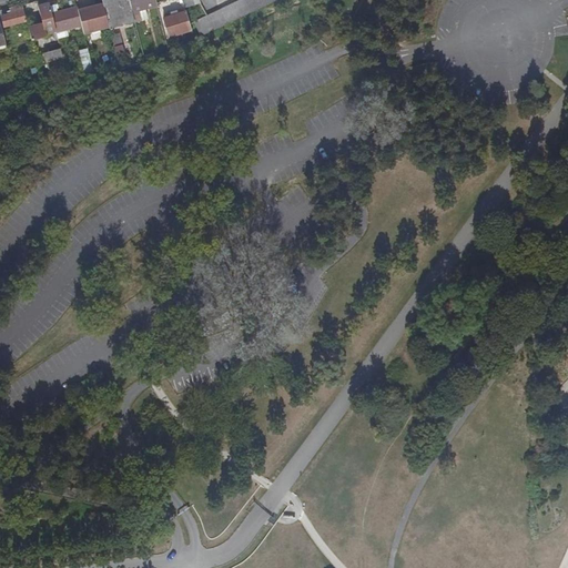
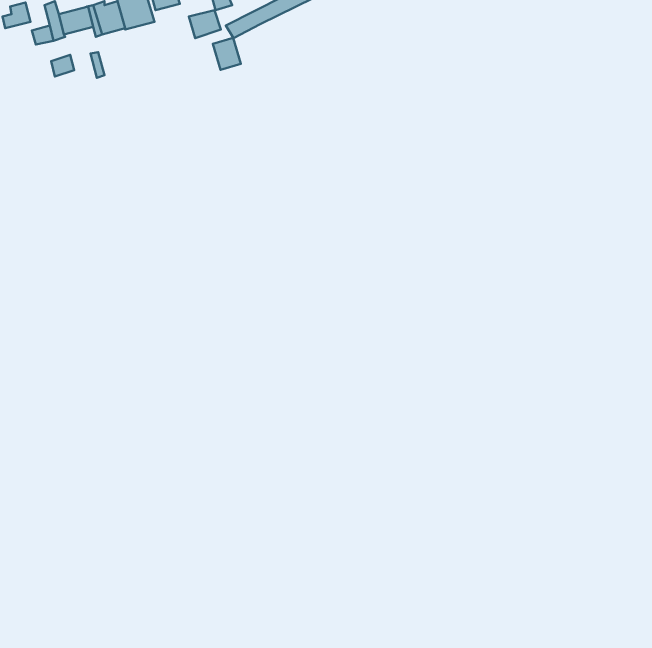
building: none -> [213,38,241,70]

